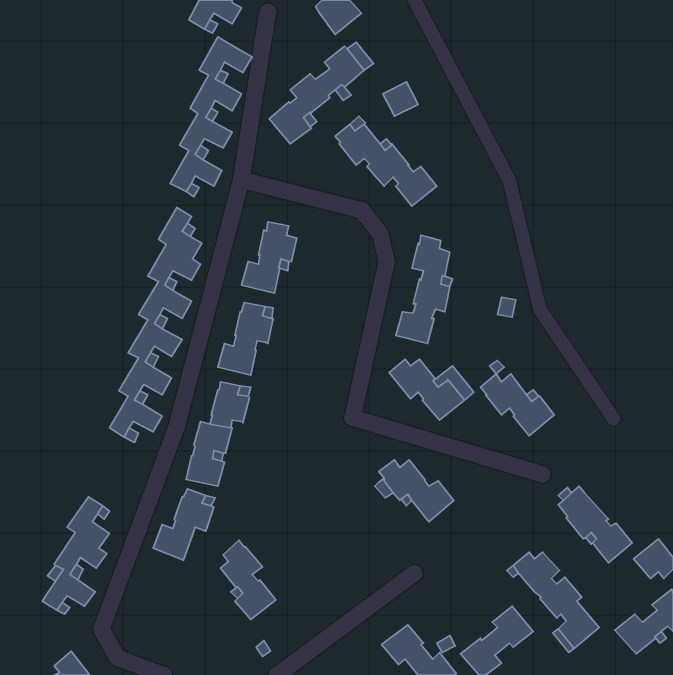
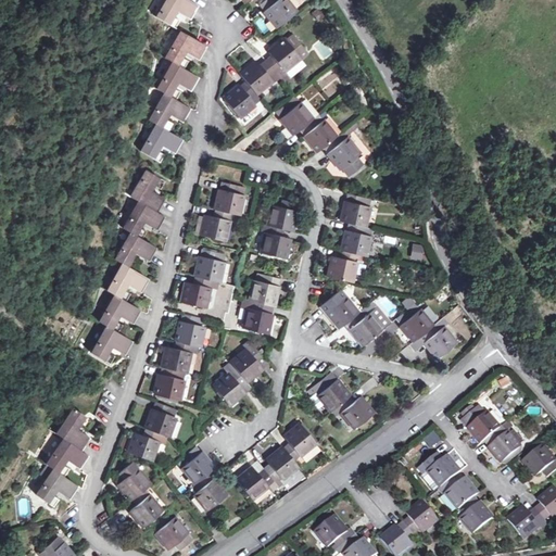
building: none -> [260,199,298,258]
building: none -> [240,275,280,334]
building: none -> [213,344,268,406]
building: none -> [235,421,316,498]
building: none -> [116,462,163,527]
building: none -> [153,518,190,549]

